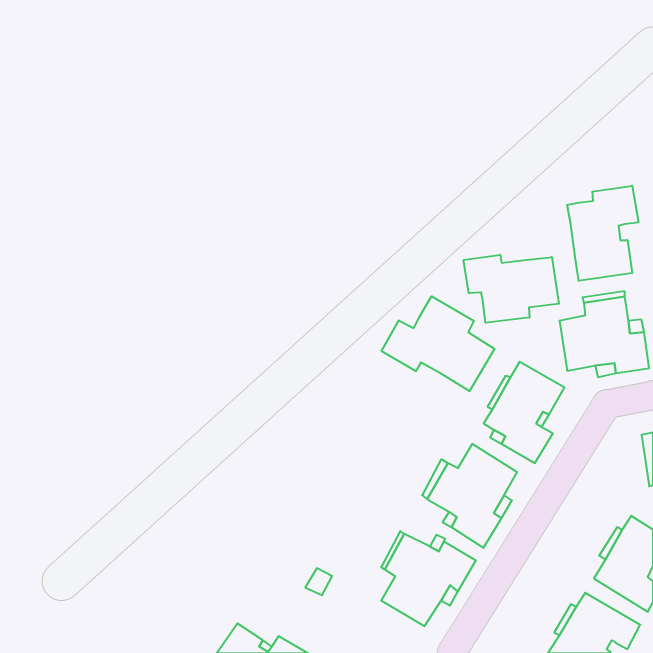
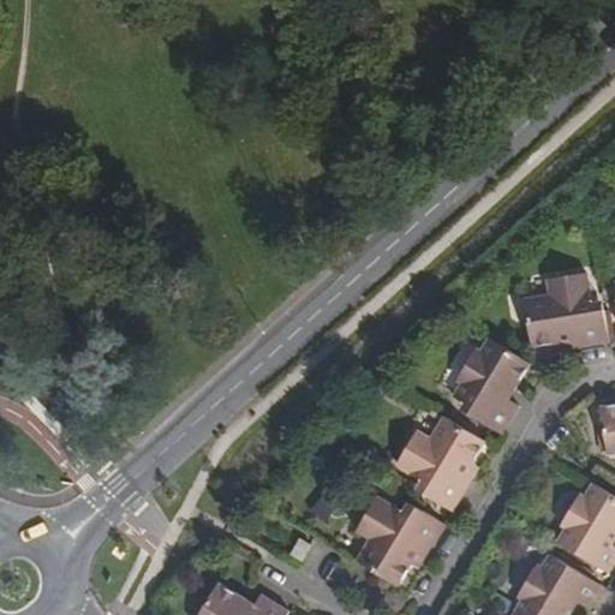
building: [567,186,638,281] -> none
building: [464,255,559,323] -> none
building: [382,296,494,391] -> none

